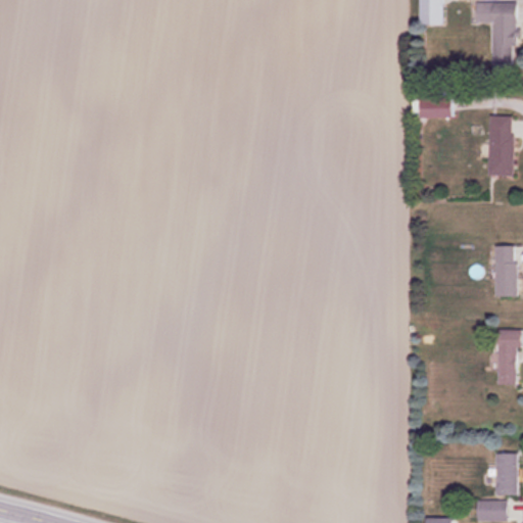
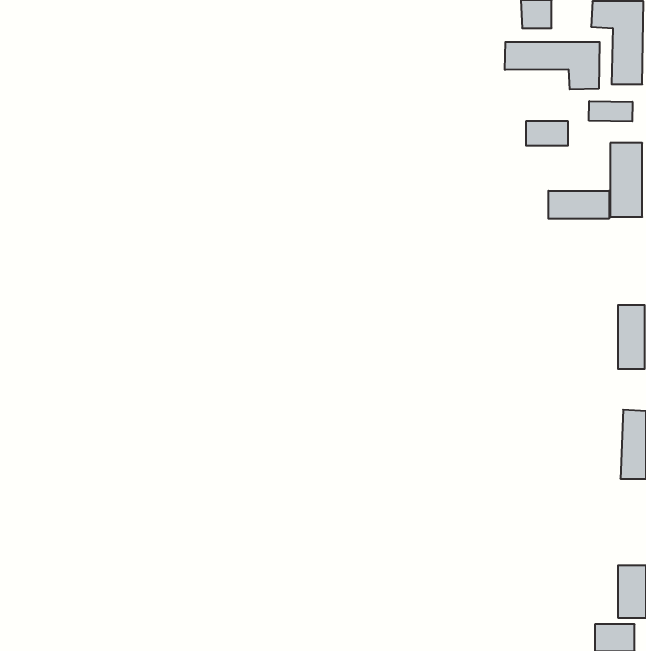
building: none -> [505,42,600,89]
building: none -> [589,101,632,121]
building: none -> [548,191,609,219]

